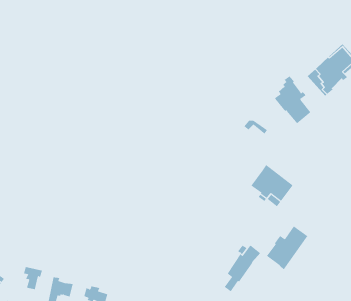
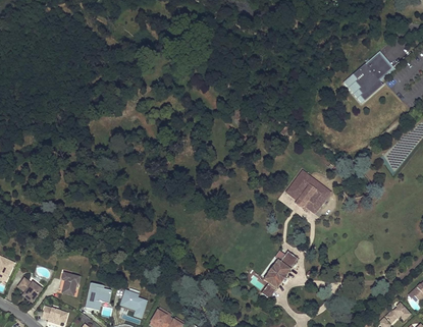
building: [274,76,311,124] -> none
building: [266,225,308,270] -> none

